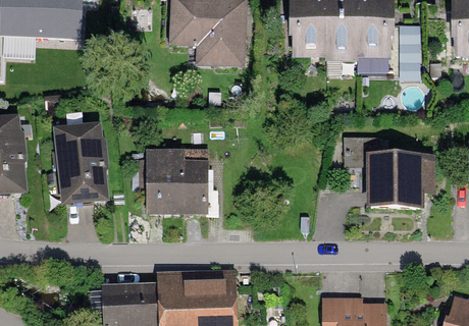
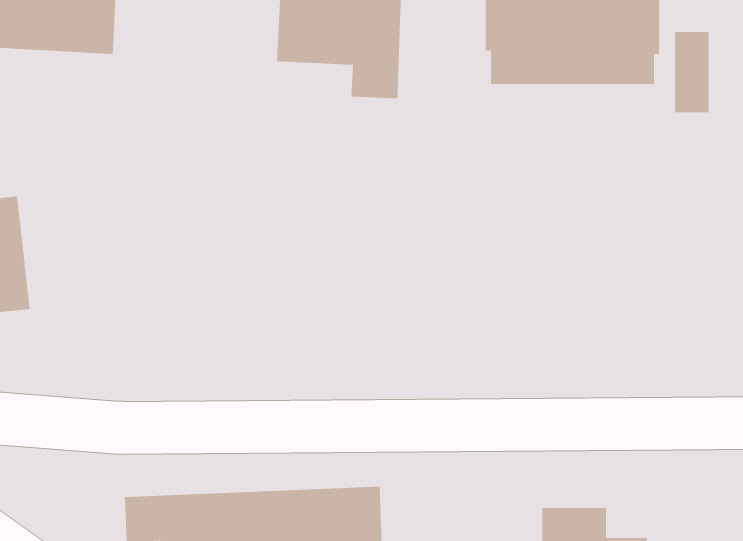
building: [57,128,108,203] -> none
building: [346,140,430,208] -> none
building: [141,156,207,210] -> none

